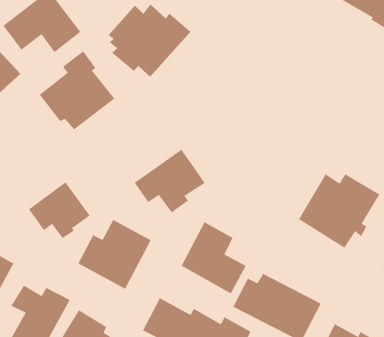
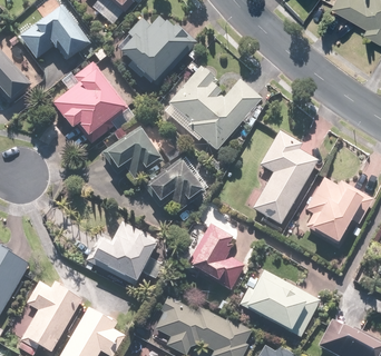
building: none -> [163,66,263,151]
building: none -> [251,129,319,224]
building: [28,181,90,239] -> [102,125,162,179]

